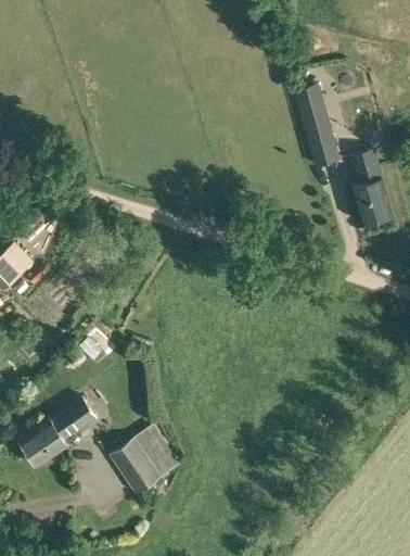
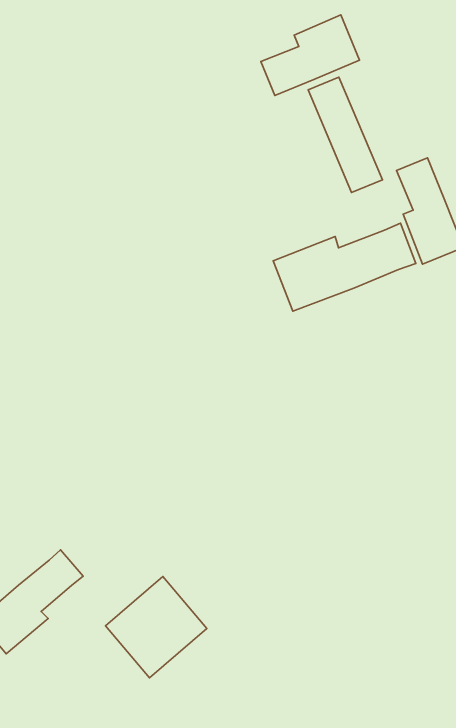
building: none -> [261,15,359,95]
building: none -> [273,223,416,311]

